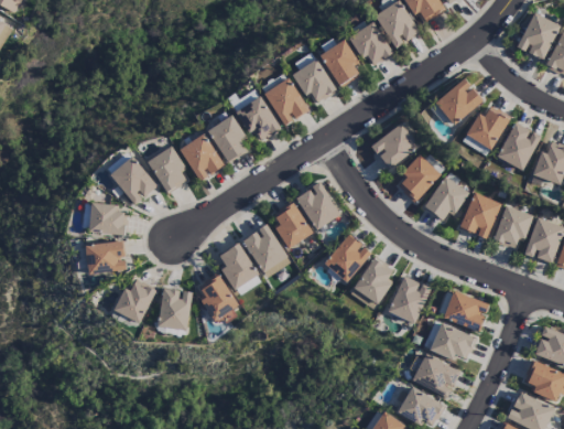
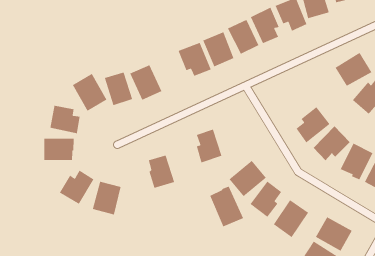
building: [208,115,248,163] -> none
building: [371,122,420,169] -> none
building: [296,182,341,230] -> none
building: [243,224,292,278] -> [209,185,244,228]
building: [198,274,238,321] -> none

